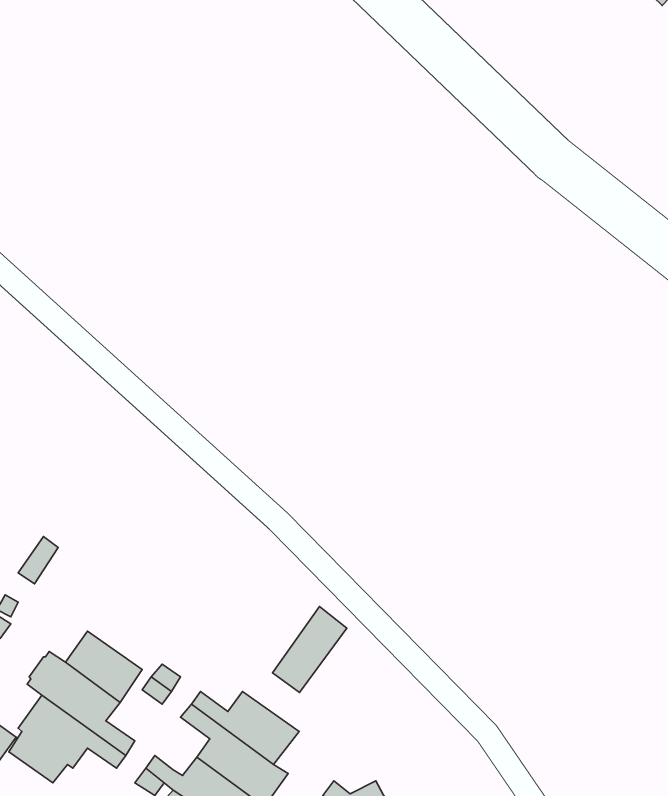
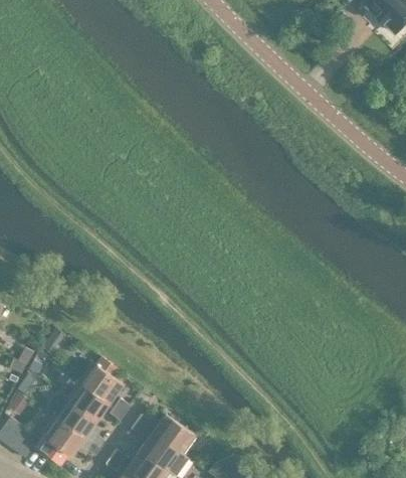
building: none -> [78,357,122,403]
building: [272,607,347,693] -> none

